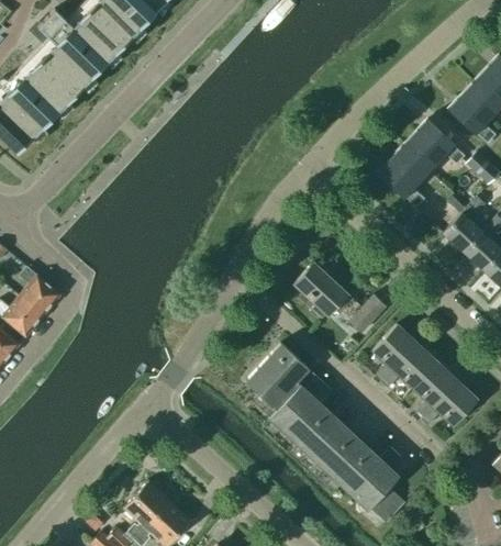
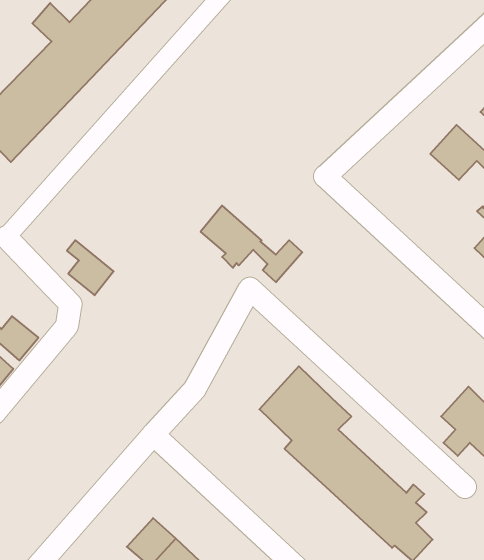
building: [379,147,430,208] -> none
building: [293,264,387,334] -> [201,206,302,282]
building: [18,266,60,316] -> [67,240,114,295]
building: [374,324,438,389] -> none

